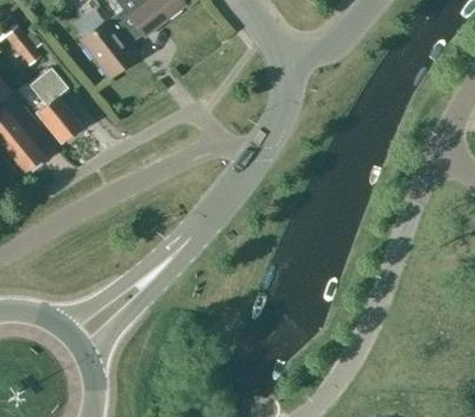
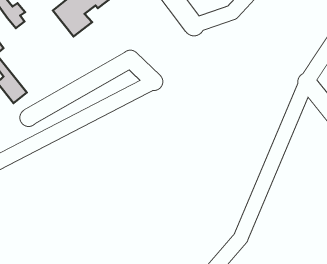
building: [30,68,81,143] -> none

